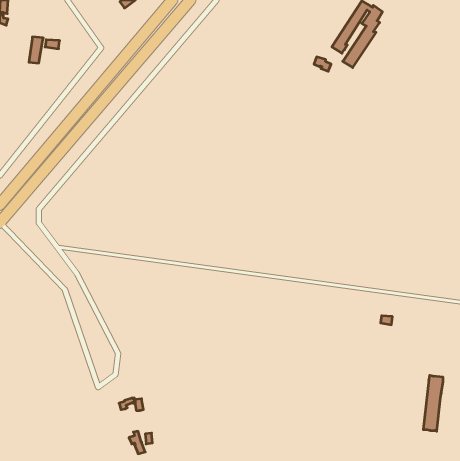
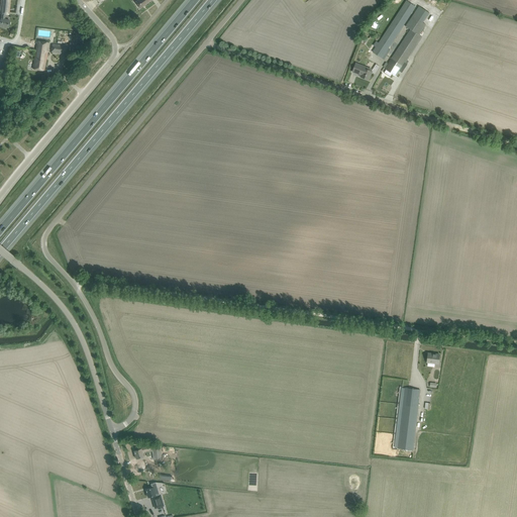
building: [423,375,443,431] -> [397,388,419,450]

